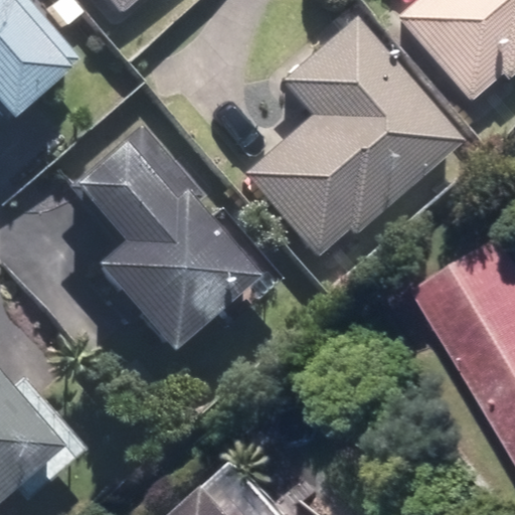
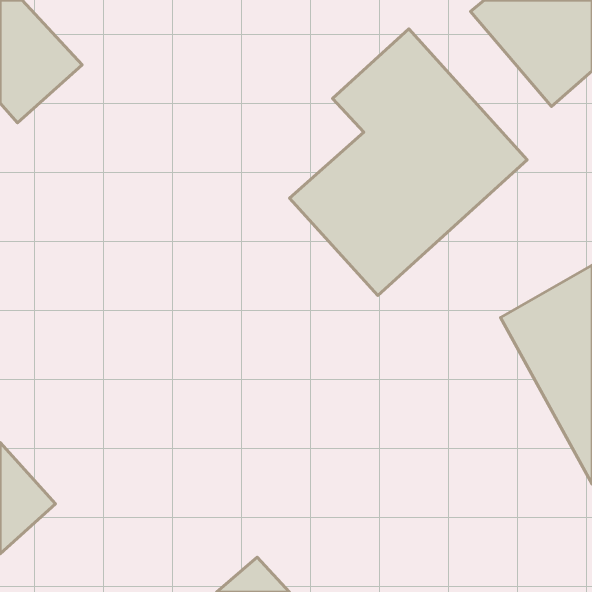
building: [80,133,255,335] -> none

